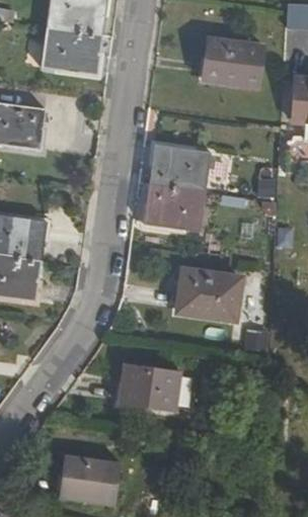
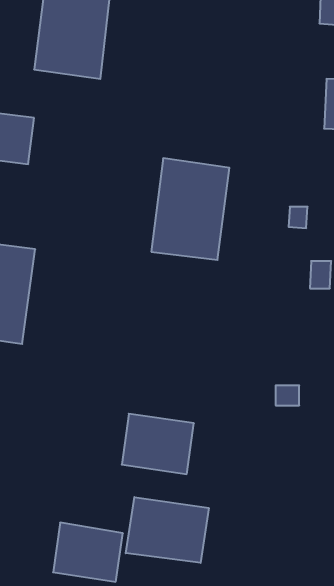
building: [202,37,264,85] -> none
building: [179,270,242,319] -> none
building: none -> [126,497,209,563]

